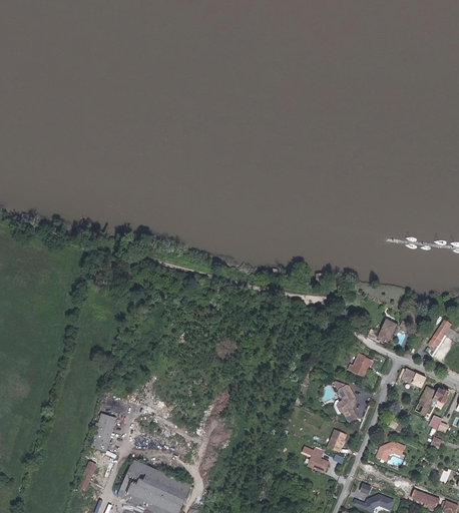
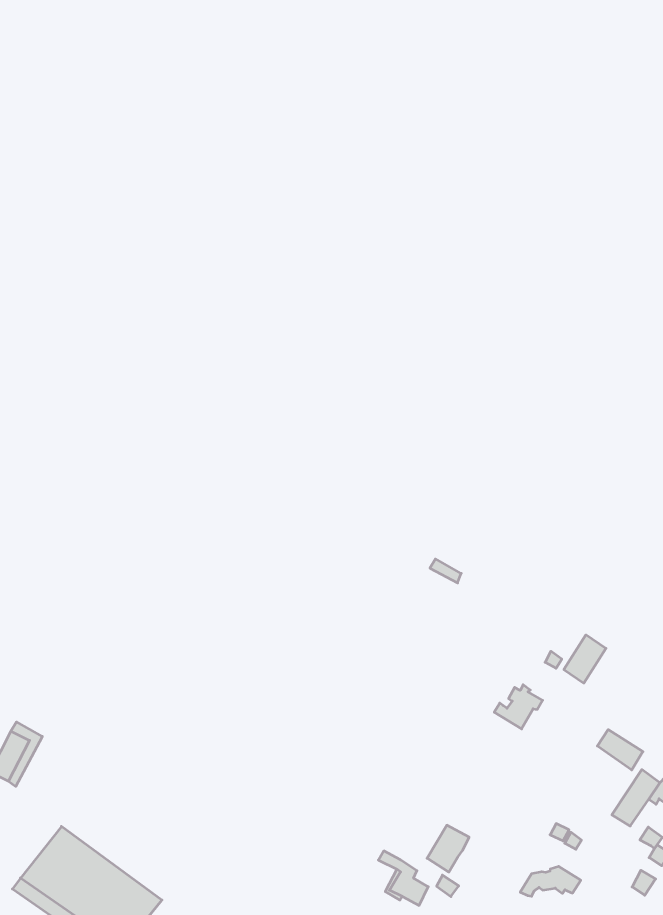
building: [337,387,360,424] -> none

